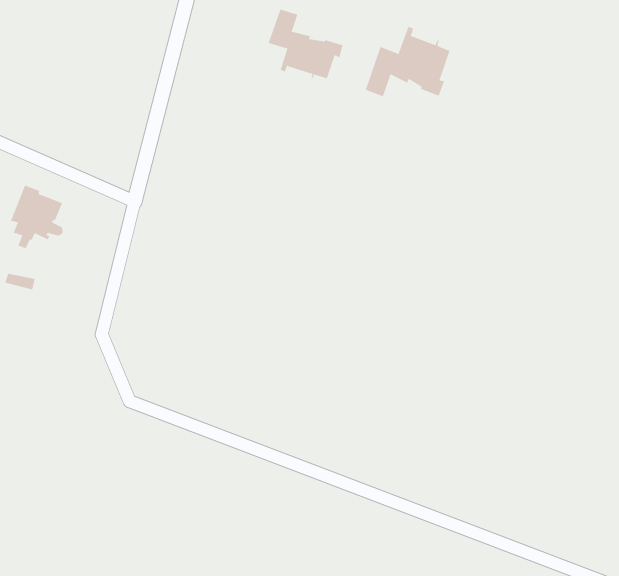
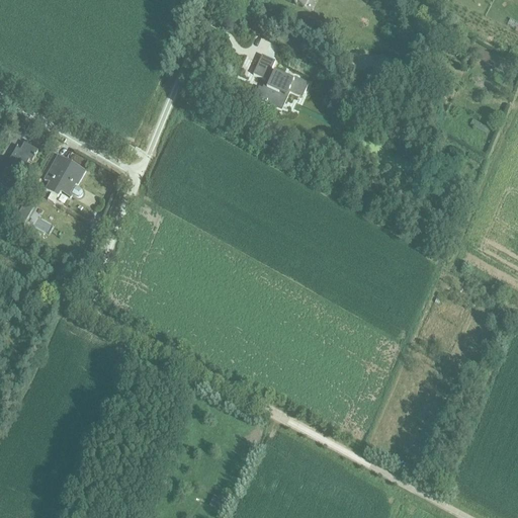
building: [365,26,450,97] -> none

